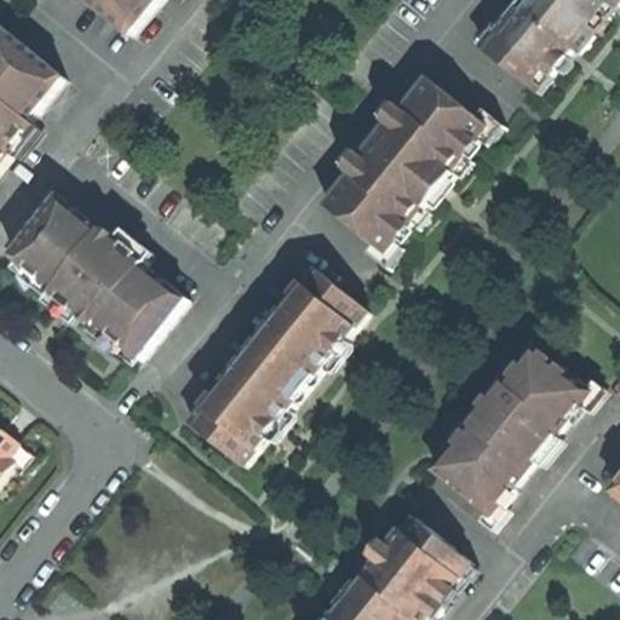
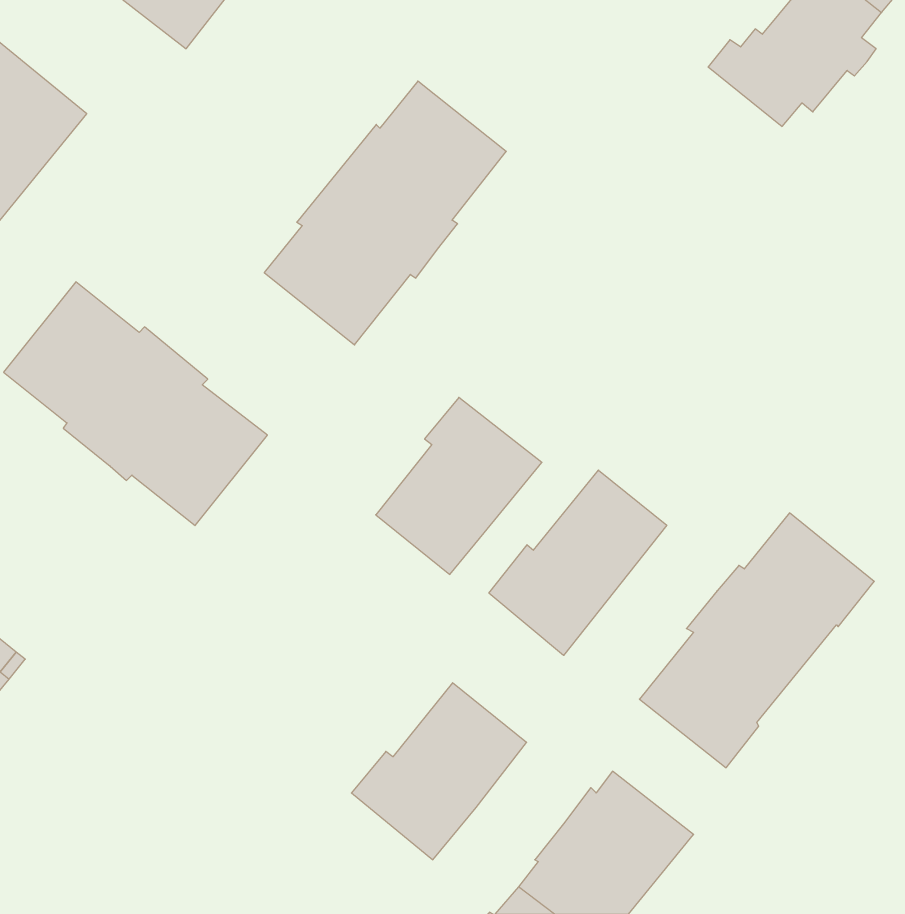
building: [320,76,482,253] -> [264,81,506,345]
building: none -> [489,470,667,655]
building: [184,345,302,464] -> [351,683,527,860]

